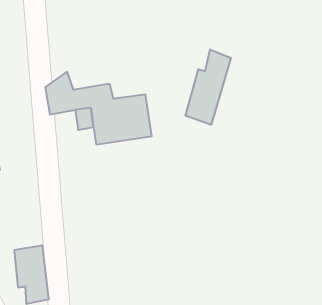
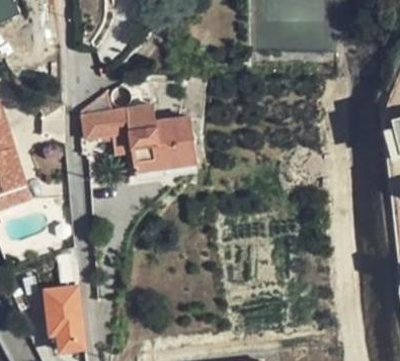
building: [186,49,231,125] -> none

